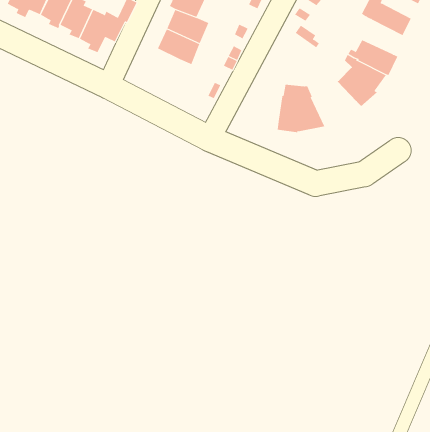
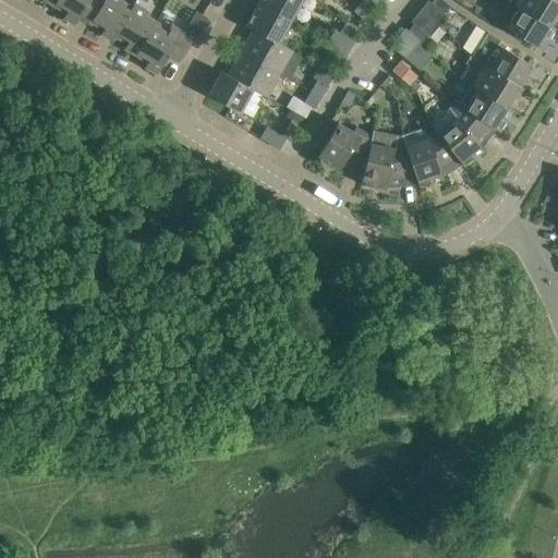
building: none -> [460,52,524,106]
building: none -> [209,71,254,112]
building: none -> [407,128,459,185]
building: none -> [315,122,376,173]

